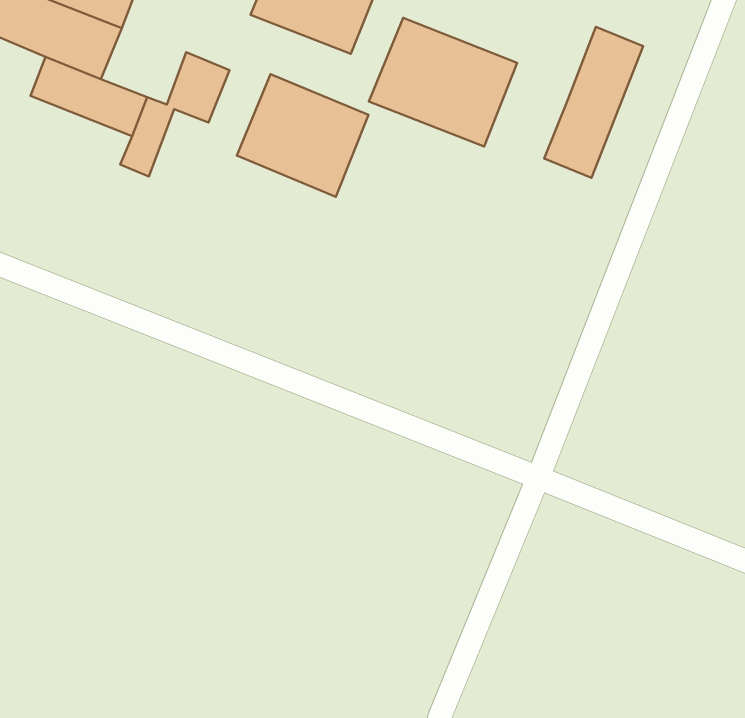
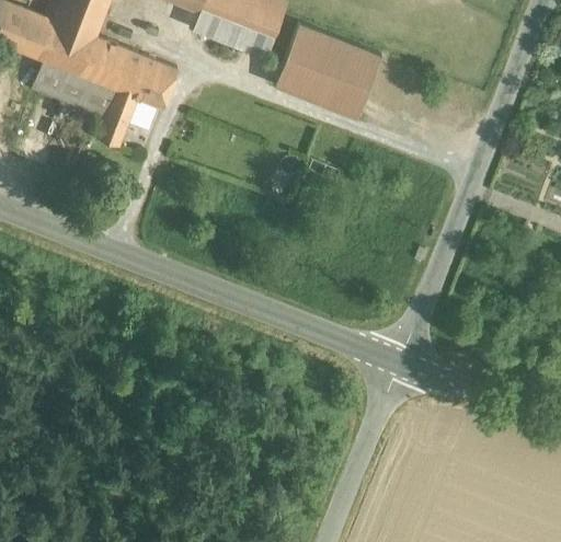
building: [544,27,643,178] -> none
building: none -> [80,35,142,91]
building: [237,74,369,197] -> none

